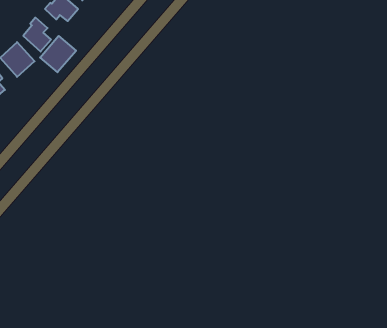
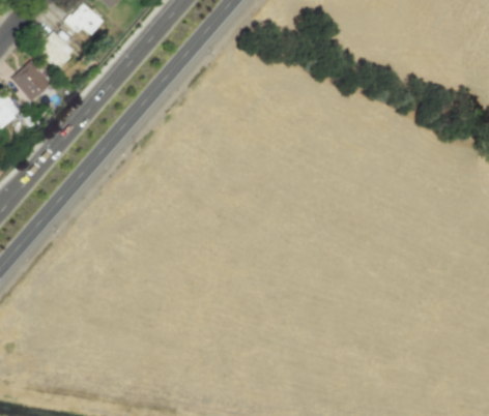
building: [40,36,76,72] -> none

